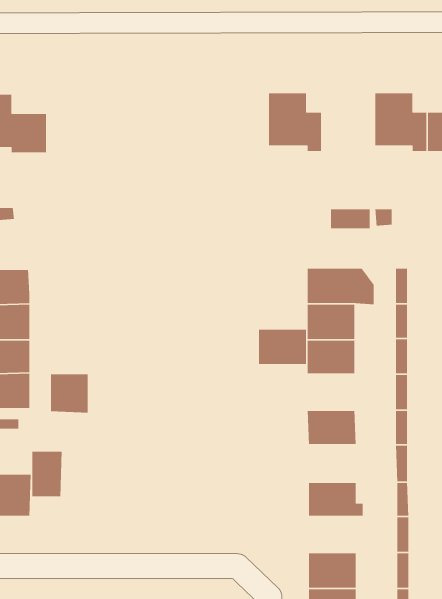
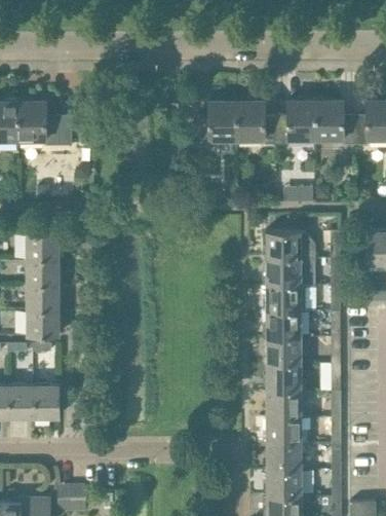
building: none -> [197,101,236,146]
building: none -> [276,101,315,145]
building: [258,329,307,365] -> [265,310,301,337]
building: [50,374,89,413] -> none
building: none -> [266,363,306,391]
building: [32,451,62,497] -> none
building: none -> [266,416,307,443]

